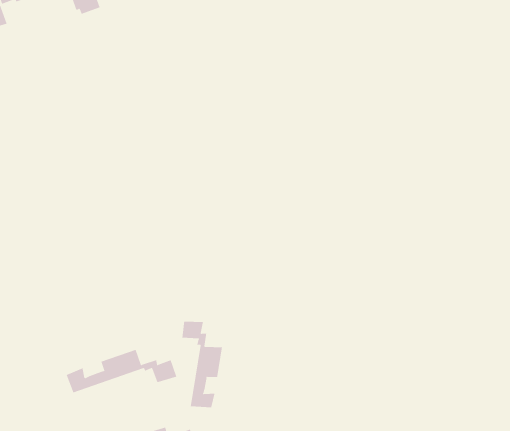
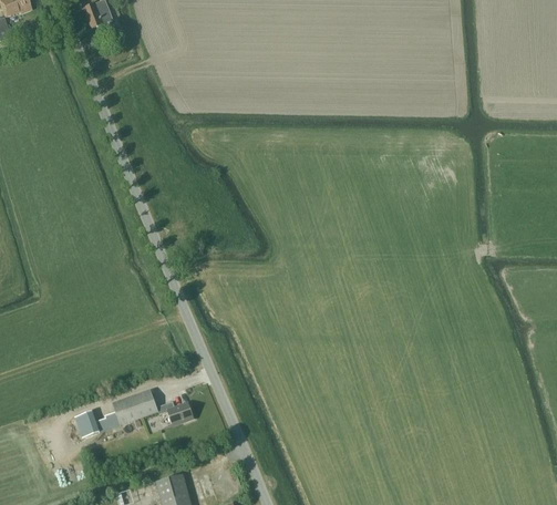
building: [182,321,222,408] -> none

